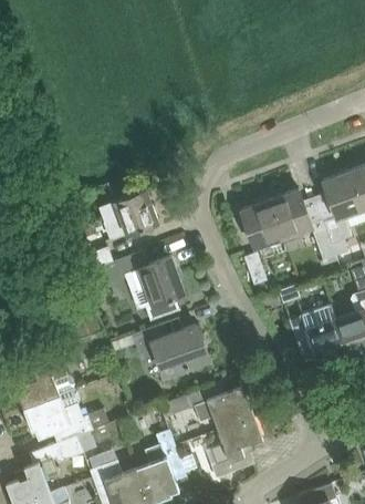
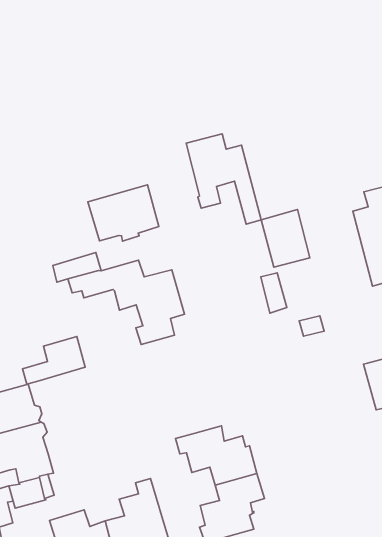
building: [270,191,336,263] -> [186,134,261,224]
building: [289,306,347,369] -> none
building: [112,325,202,377] -> none

